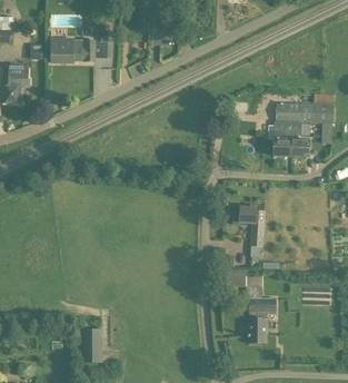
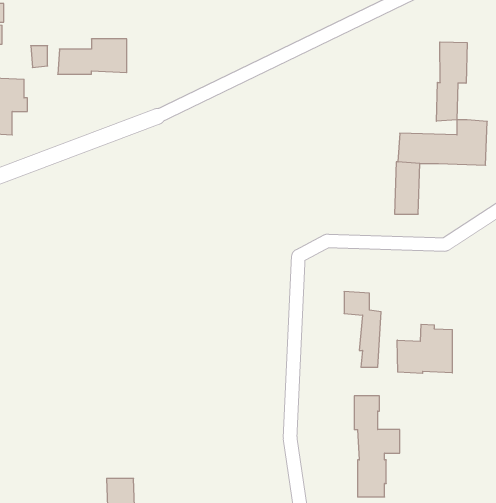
building: none -> [436,42,467,121]
building: [288,121,308,156] -> none
building: none -> [397,324,452,373]

